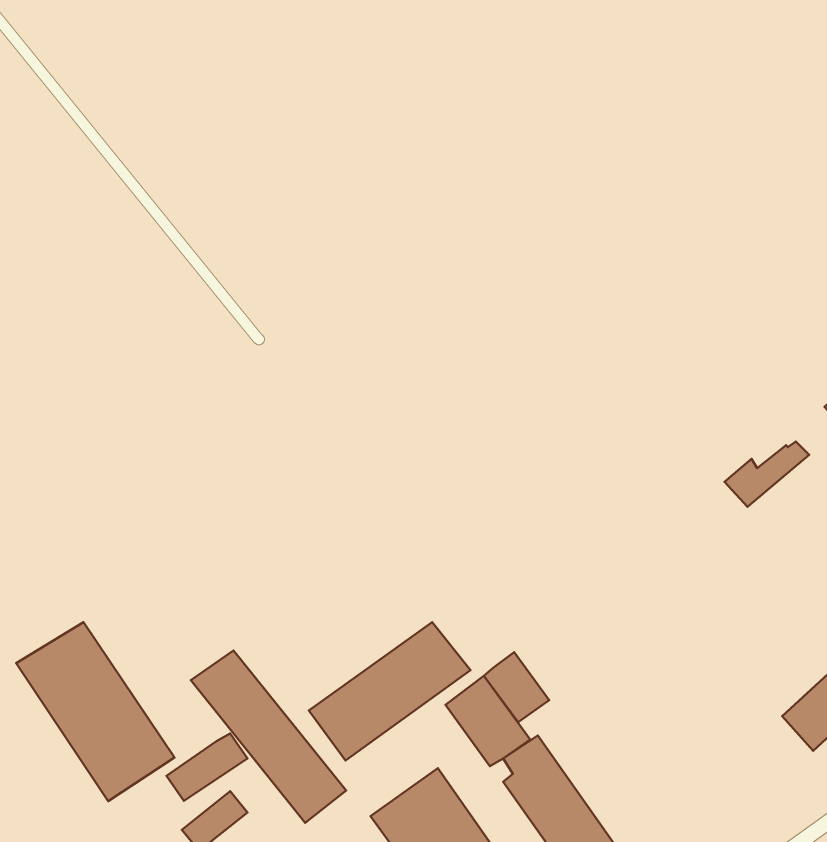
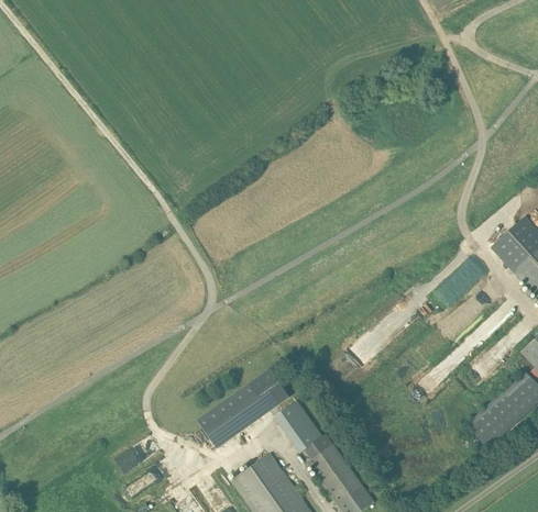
building: [16,622,175,801] -> none
building: [191,650,346,823] -> none
building: [484,652,549,722] -> none

